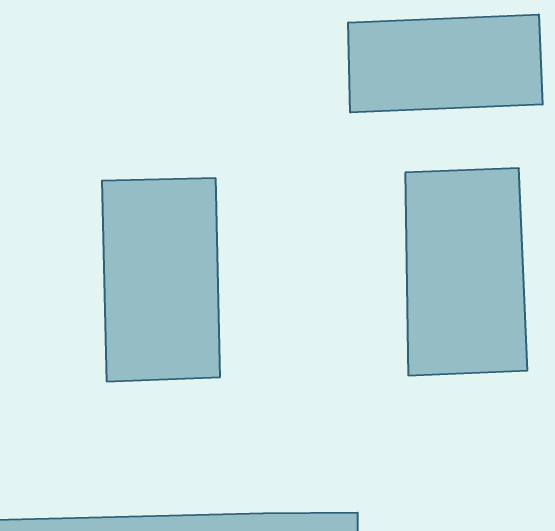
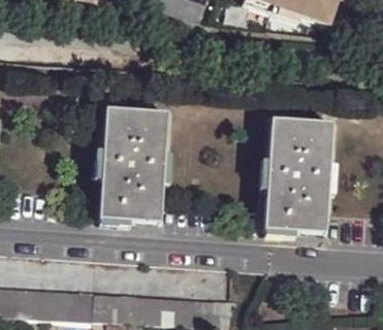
building: [348,14,543,113] -> none

